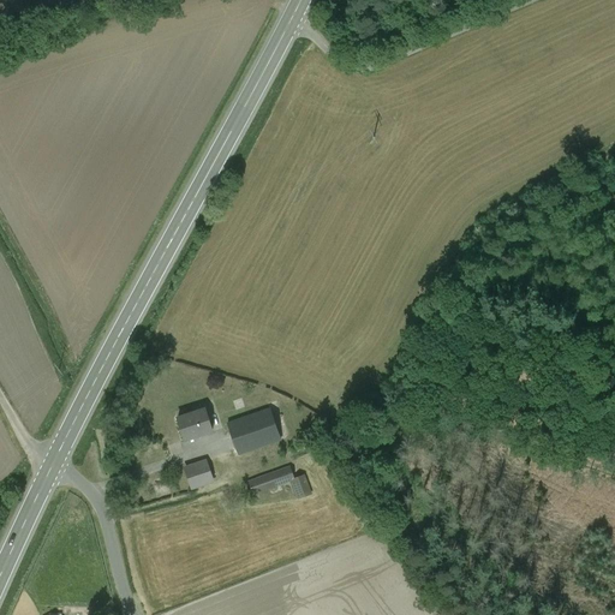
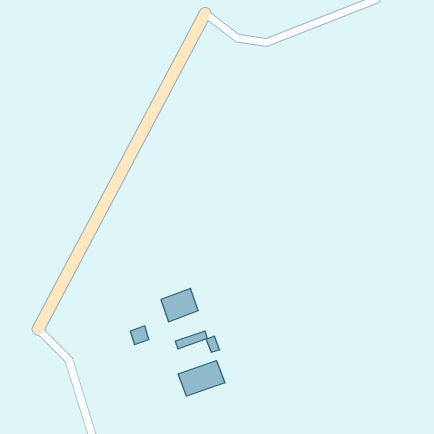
building: [177,408,211,438] -> none
building: none -> [178,361,225,396]

